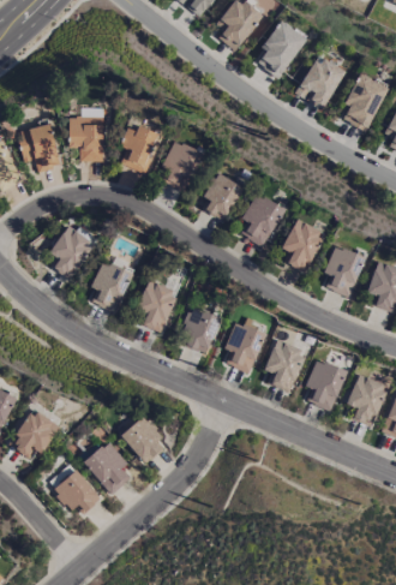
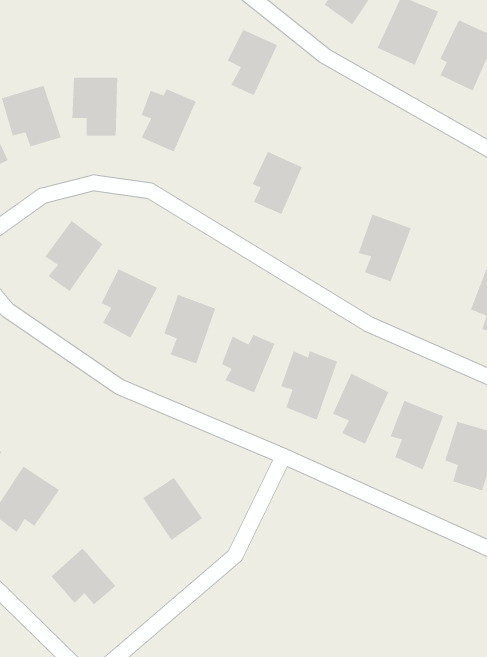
building: [162,139,200,190] -> [227,29,278,96]
building: [241,191,286,246] -> none
building: [324,245,365,297] -> none
building: [84,440,131,494] -> none

